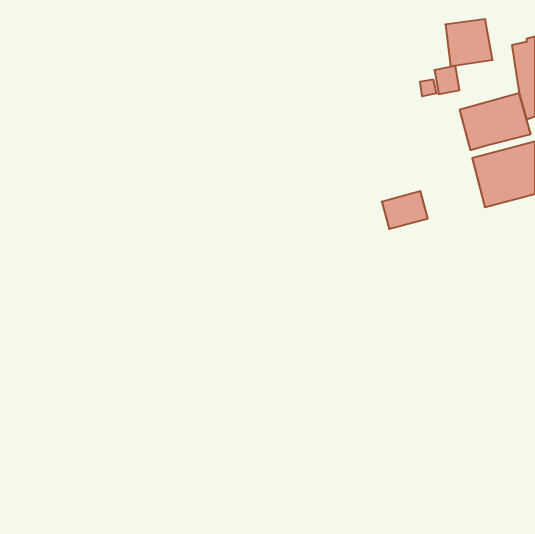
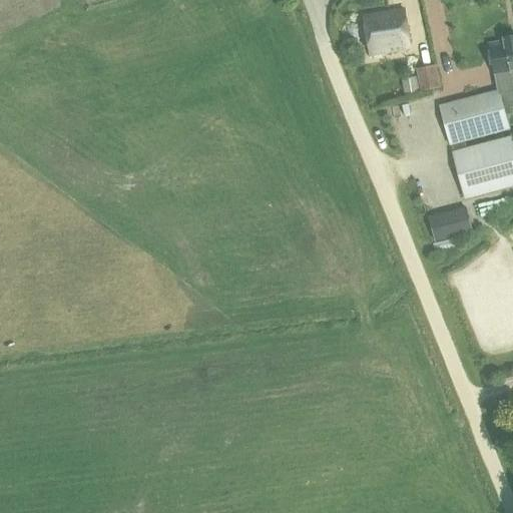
building: [445,19,493,66] -> [365,8,410,53]
building: [382,191,428,229] -> [429,205,473,241]

